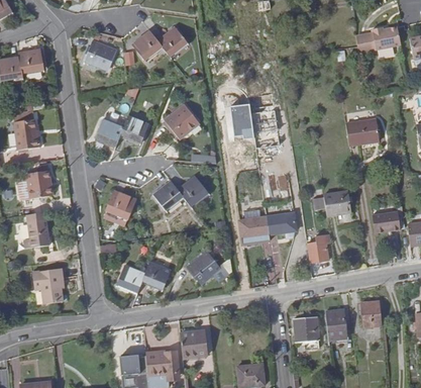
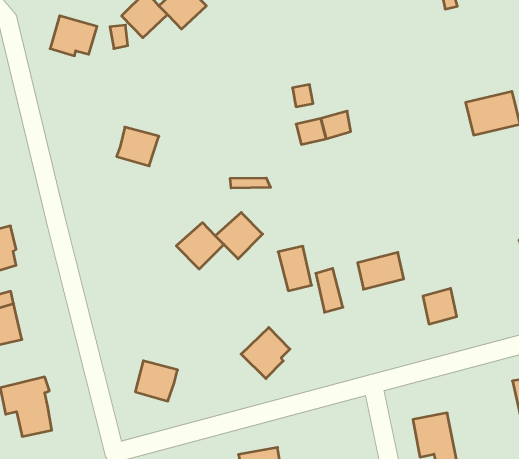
building: [166,106,197,138] -> none
building: [96,119,124,146] -> none
building: [323,189,352,213] -> none
building: [108,191,135,217] -> none
building: [251,216,271,244] -> [278,246,312,291]
building: [143,262,172,289] -> none
building: [324,309,344,340] -> none

